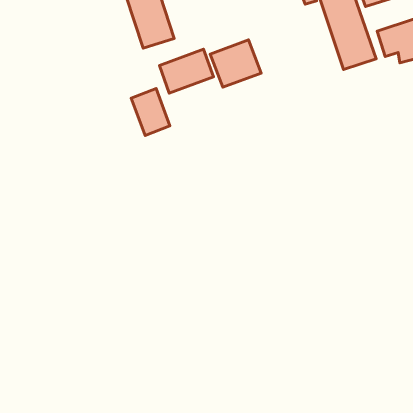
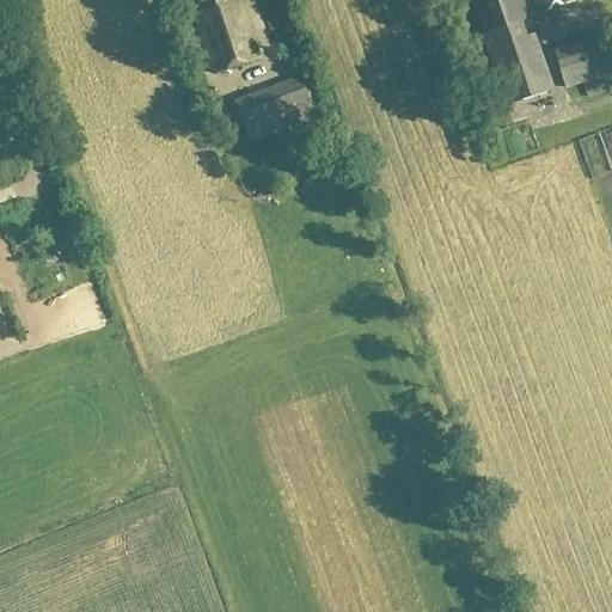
building: [210,40,261,87] -> none
building: [131,89,170,135] -> none

